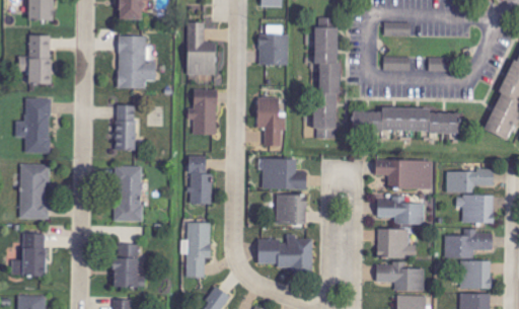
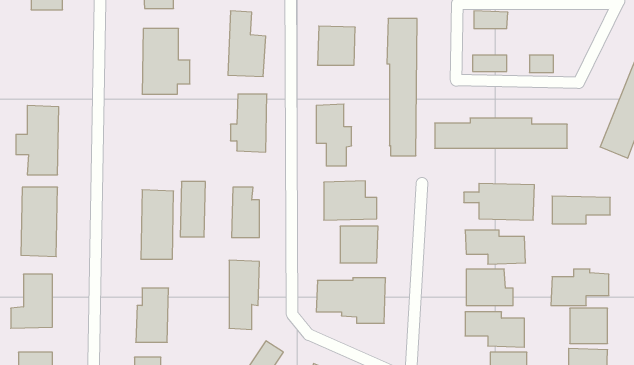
building: [18,34,51,84] -> none
building: [115,105,135,150] -> [180,182,205,237]
building: [456,195,494,224] -> none

